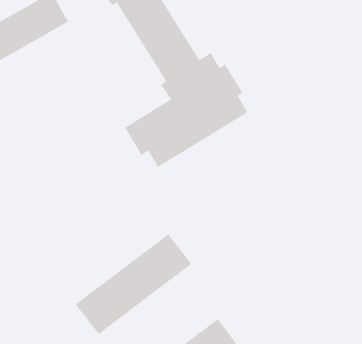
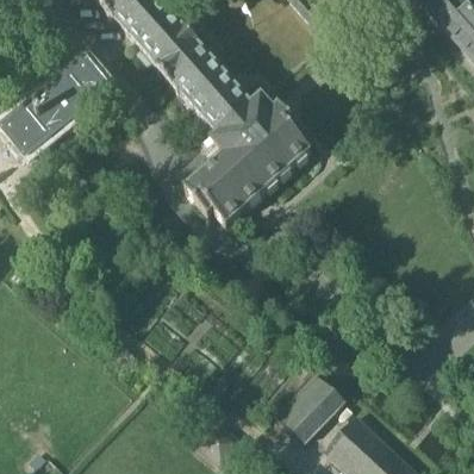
building: [75,234,192,335] -> none

